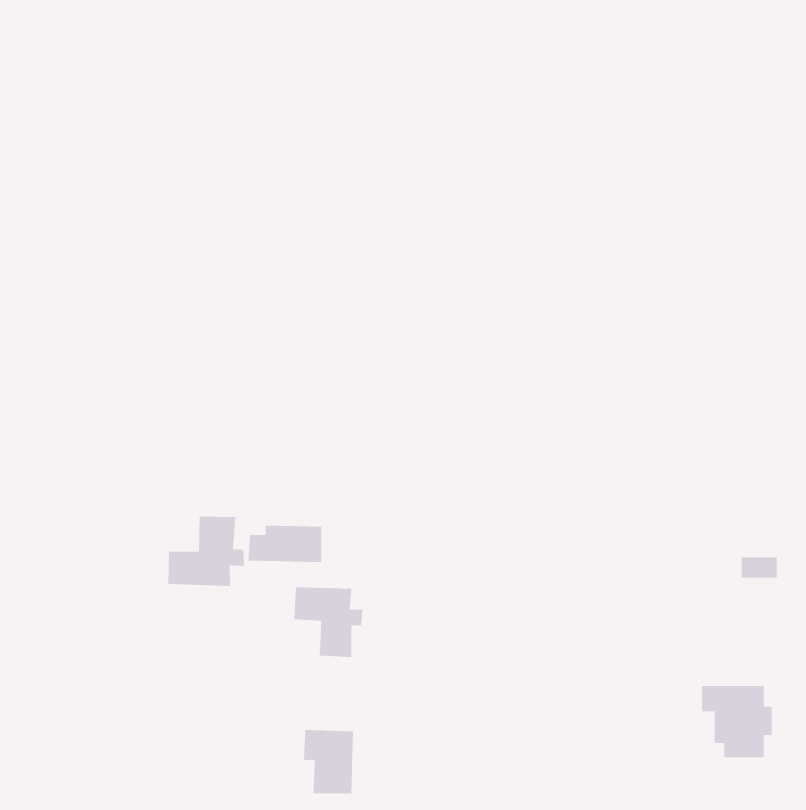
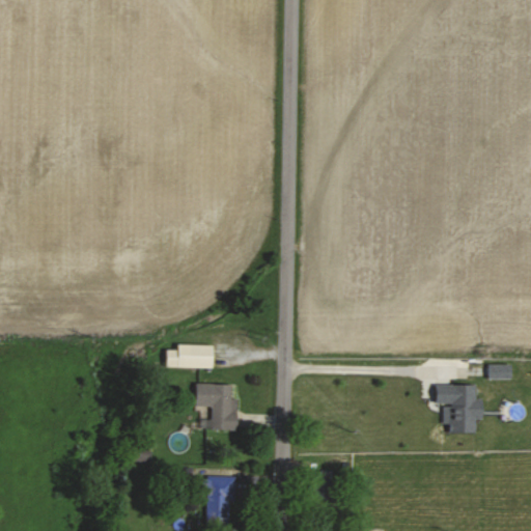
building: [167,516,245,587] -> none
building: [701,685,773,758] -> [435,385,481,432]

